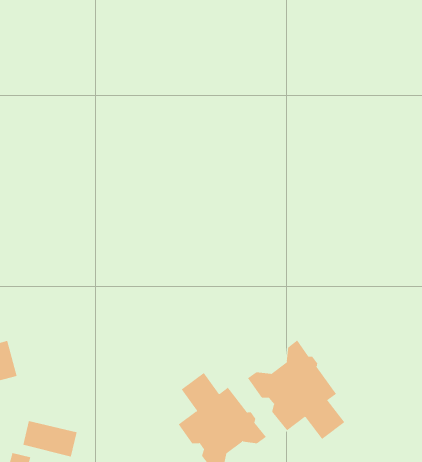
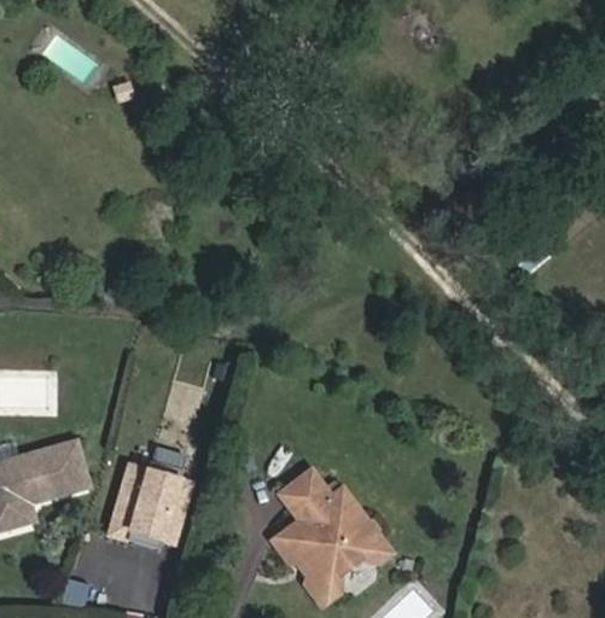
building: [247,340,345,440] -> none
building: none -> [112,462,199,554]

